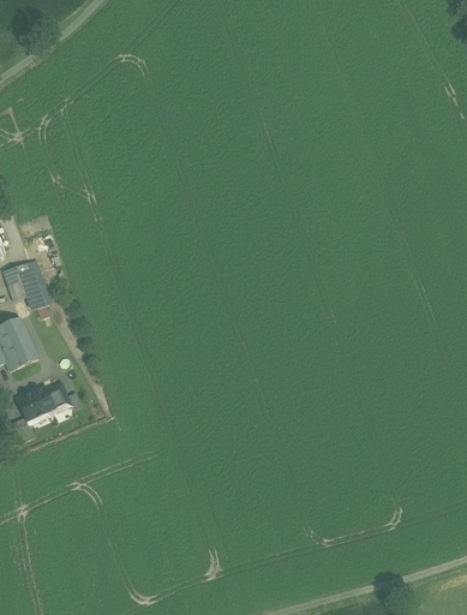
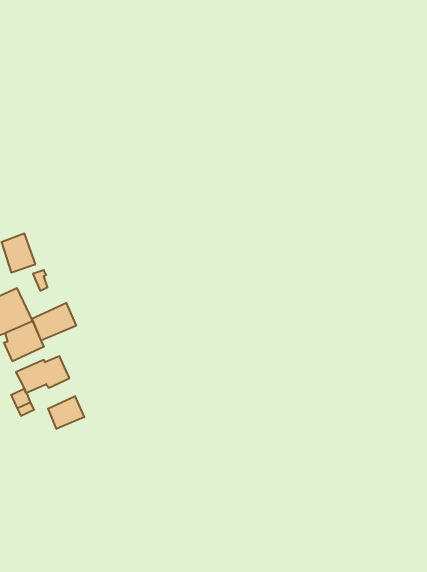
building: none -> [32,303,76,341]
building: none -> [48,396,84,429]

